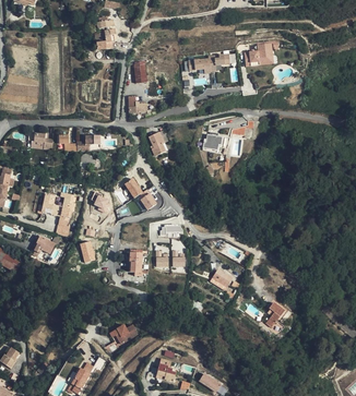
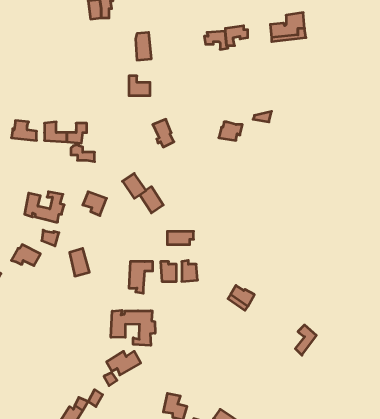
building: none -> [111,310,155,345]

